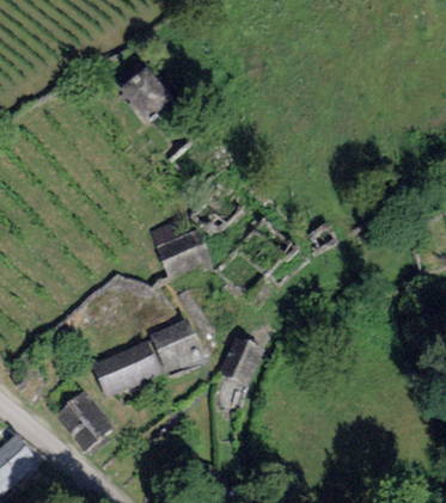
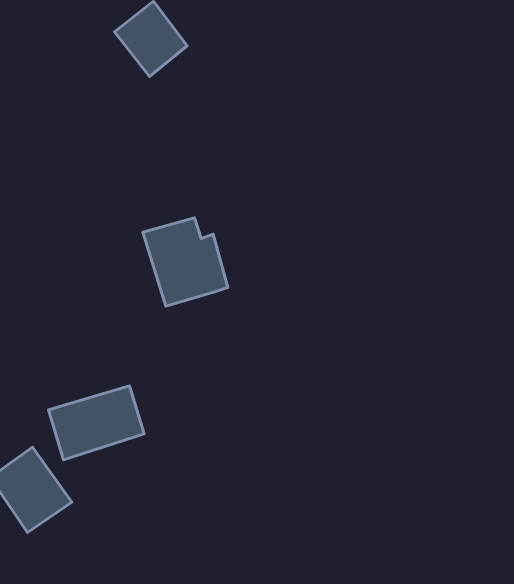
building: [151,319,202,369] -> none
building: [219,337,264,387] -> none

